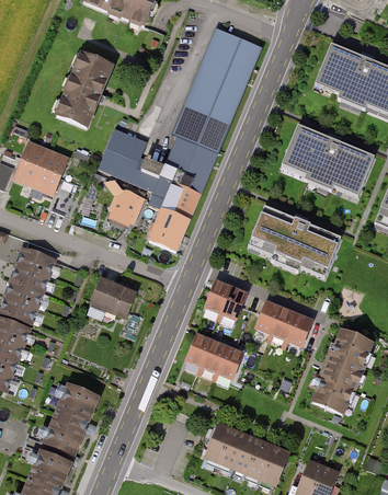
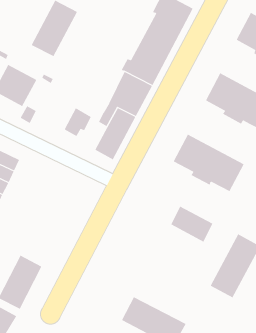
building: [98,129,161,191] -> none
building: [90,276,137,316] -> none
building: [205,280,244,318] -> none
building: [183,333,241,378] -> none

